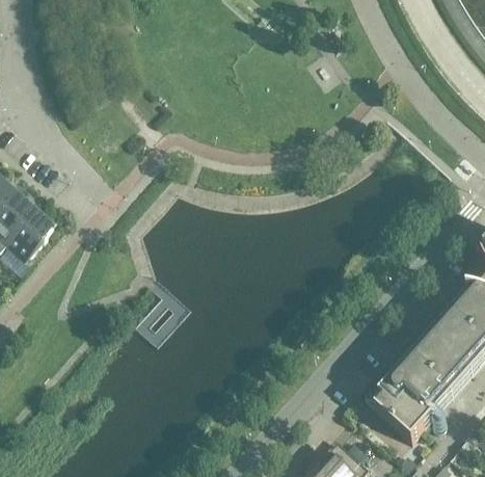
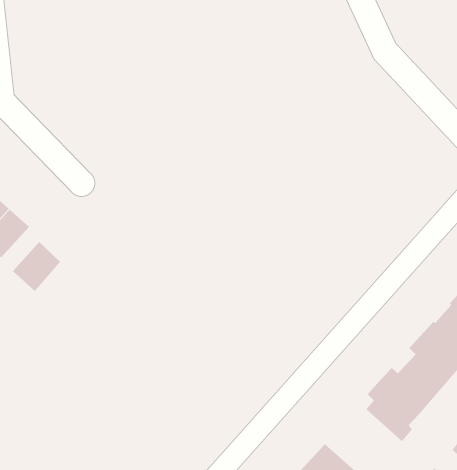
building: none -> [12,241,61,292]

